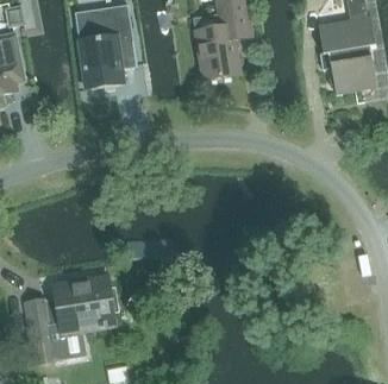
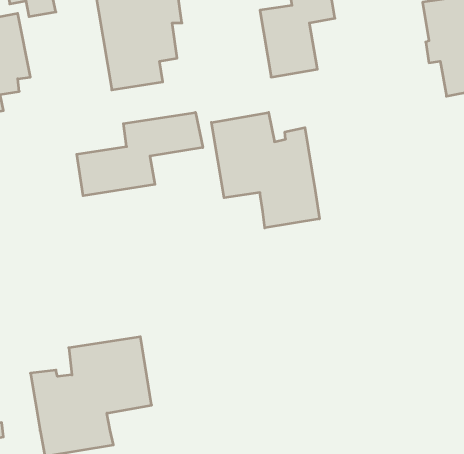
building: none -> [211,112,319,228]
building: none -> [77,112,203,196]

